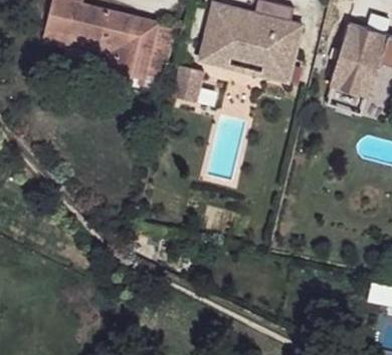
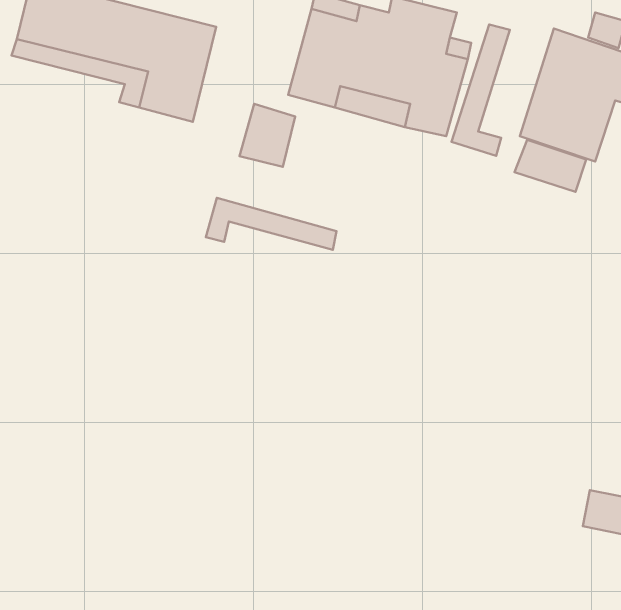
building: none -> [451,25,510,156]
building: none -> [206,198,337,250]

